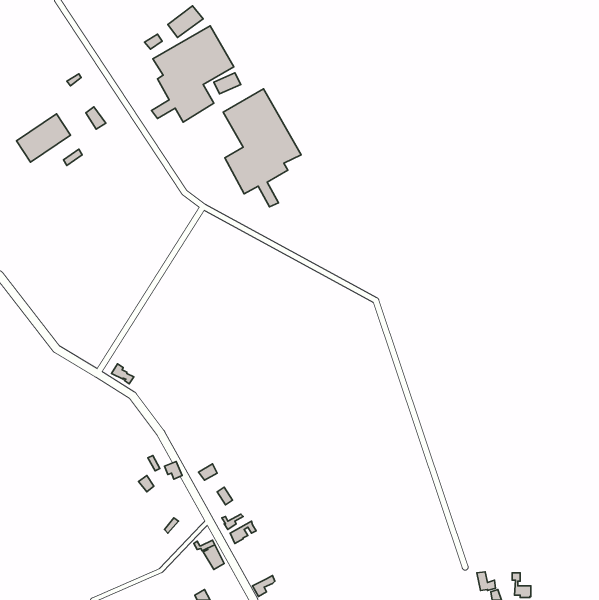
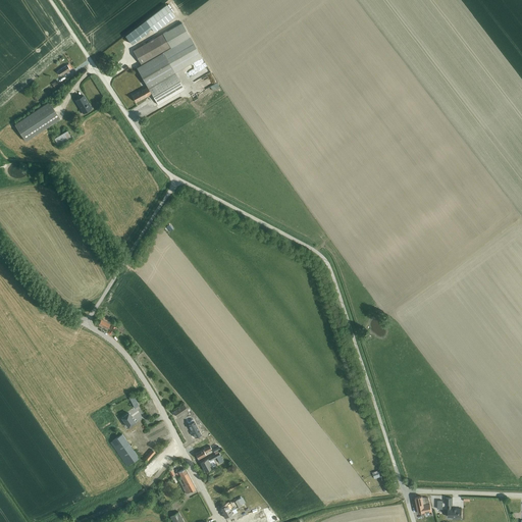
building: [223,89,301,207] -> none
building: none -> [109,434,138,467]

